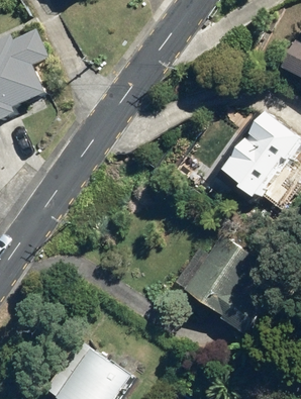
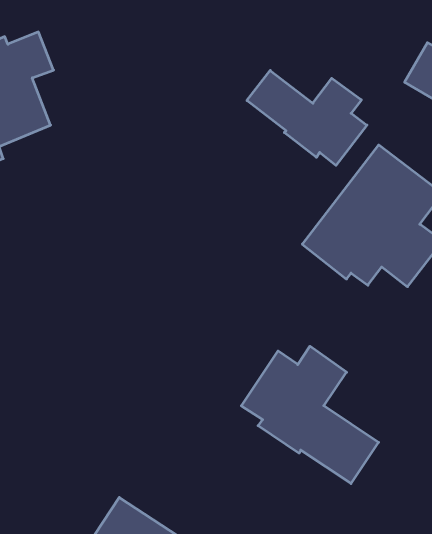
building: none -> [247,70,367,165]

